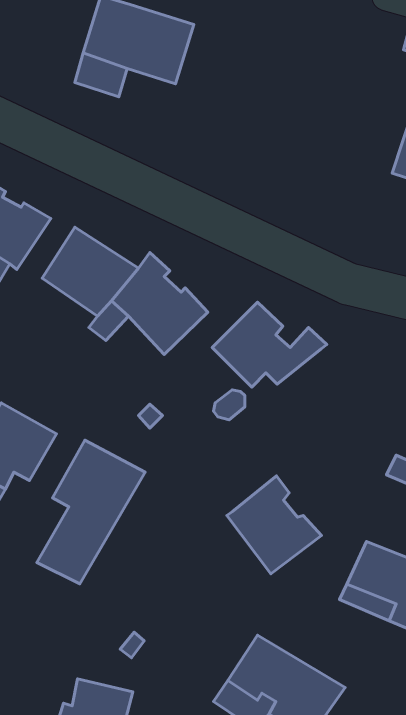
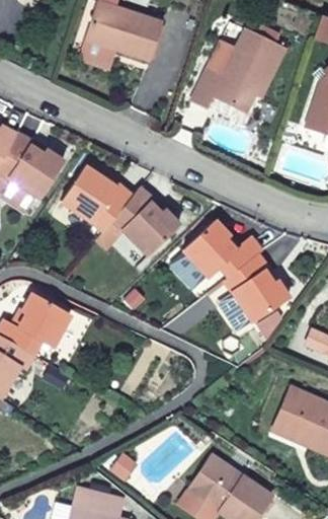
building: none -> [192,27,290,113]
building: [37,440,145,584] -> none
building: [227,476,322,574] -> [222,251,290,321]

